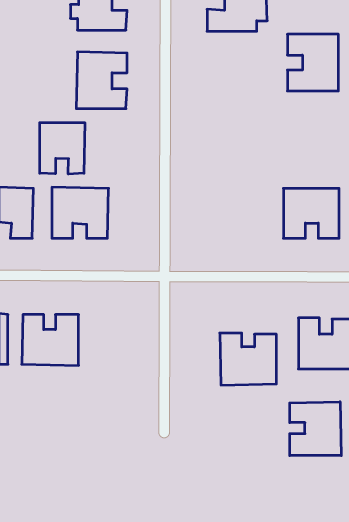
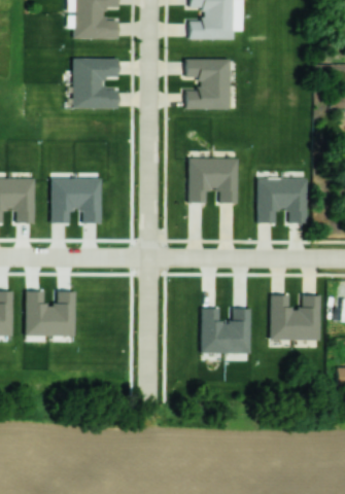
building: [287,34,338,91] -> [185,59,231,109]
building: [40,123,85,174] -> none
building: none -> [188,157,239,204]
building: [290,402,341,456] -> none

